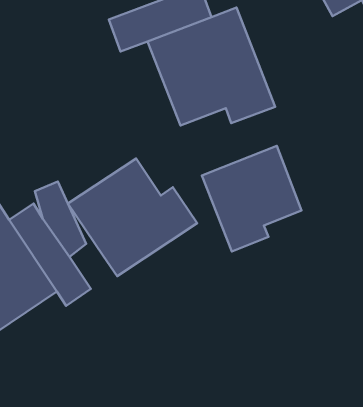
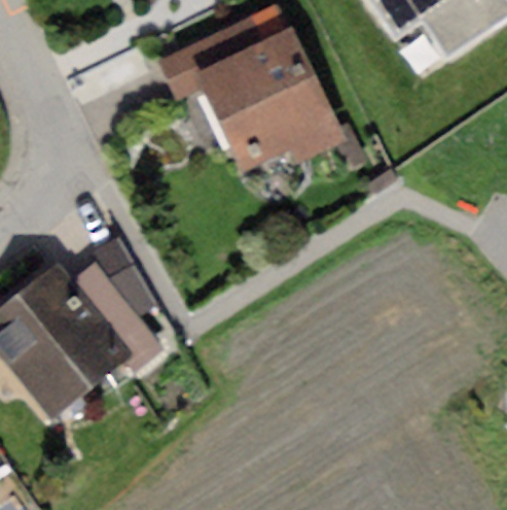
building: [202,146,302,252] -> none
building: [68,158,197,276] -> none

